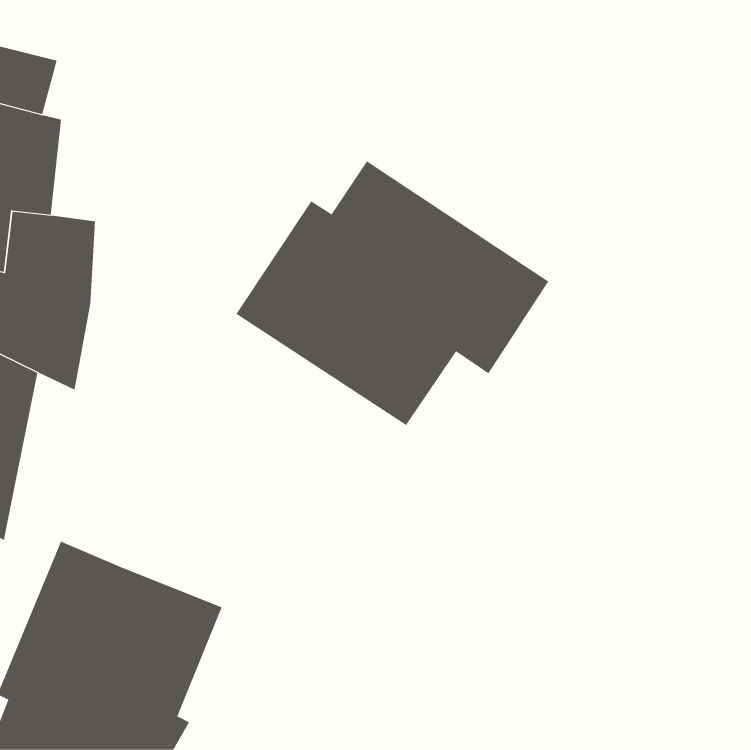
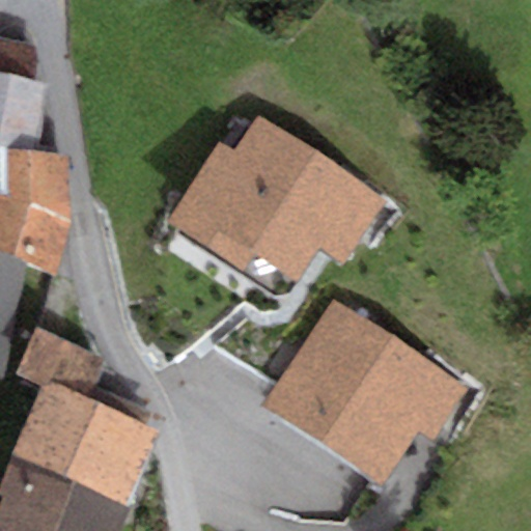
building: none -> [261,299,468,485]
building: none -> [16,329,104,399]

